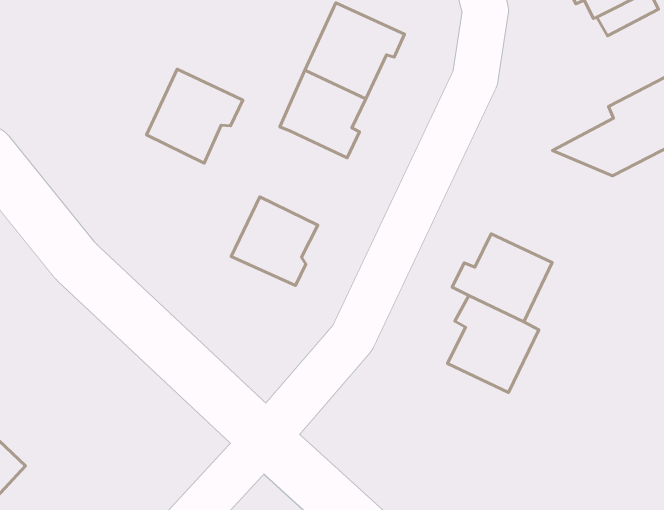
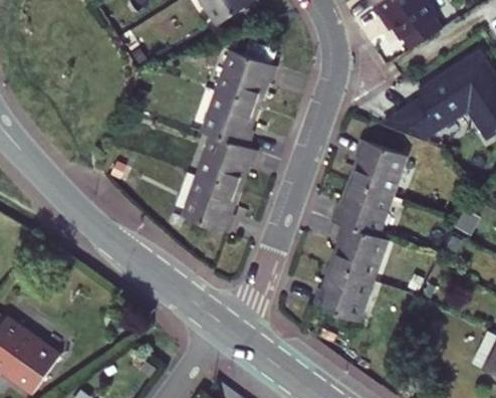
building: [146,69,243,163] -> [199,131,257,188]
building: none -> [346,139,402,196]
building: none -> [306,266,367,322]

